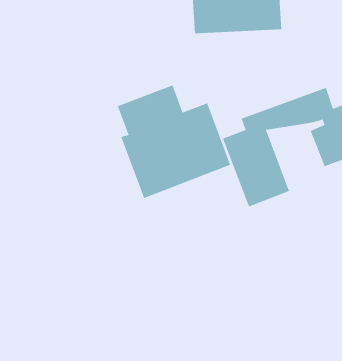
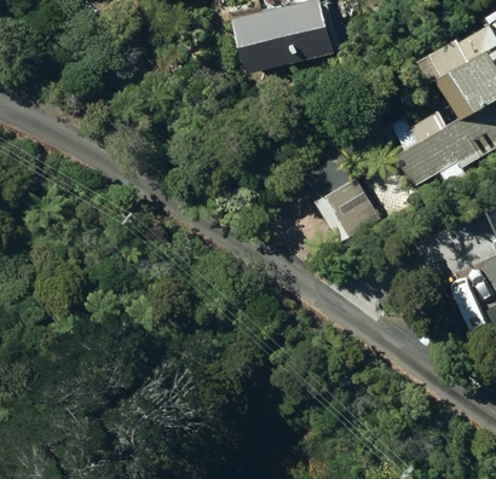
building: [117,84,231,199] -> none

